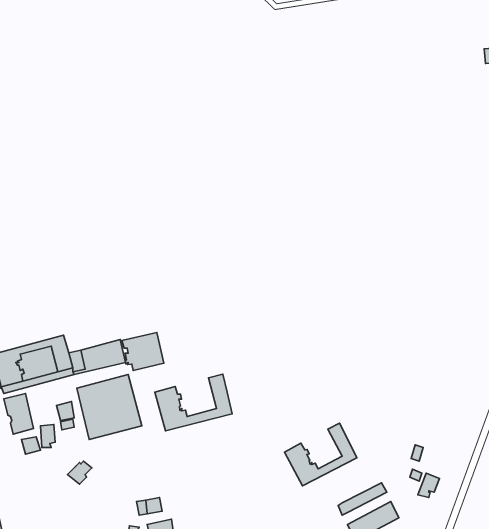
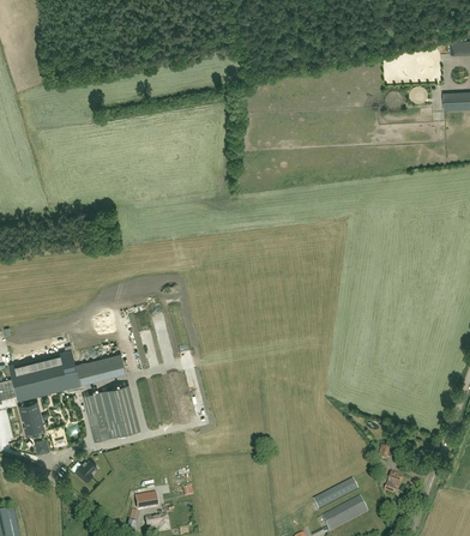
building: [122,332,164,370] -> none
building: [155,374,232,431] -> none
building: [284,423,357,486] -> none

